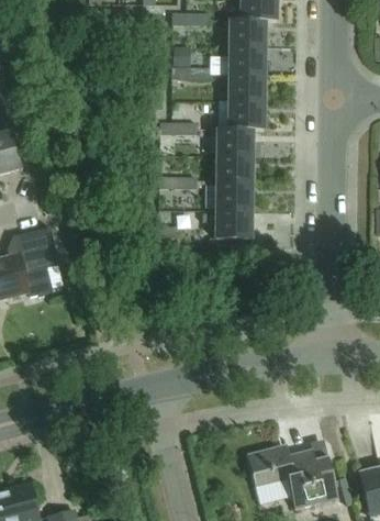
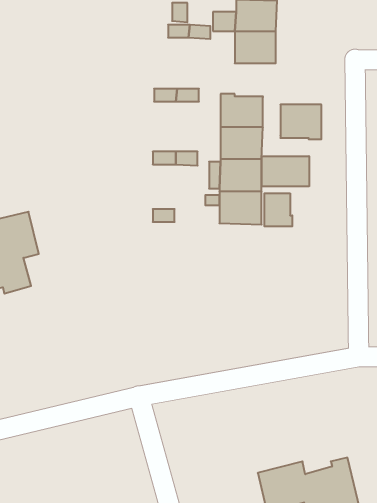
building: [227,101,262,131] -> [280,105,321,139]
building: none -> [262,156,309,186]
building: none -> [264,193,292,226]

